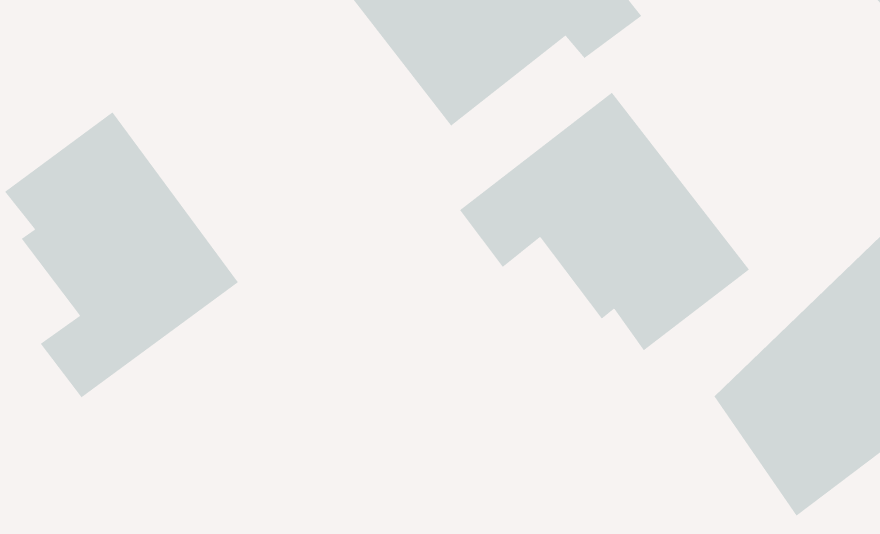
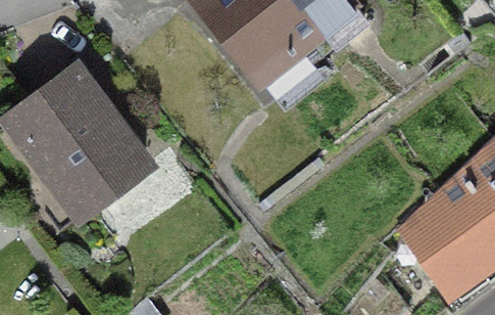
building: [459,92,750,351] -> none

